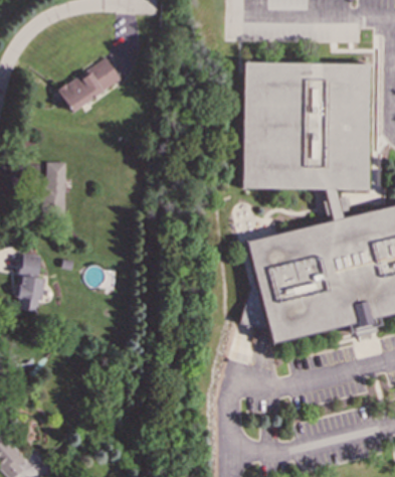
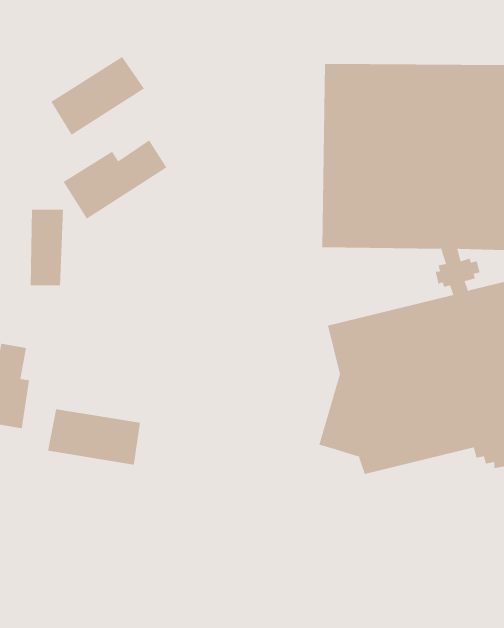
building: none -> [63,140,167,219]
building: none -> [48,409,141,466]

